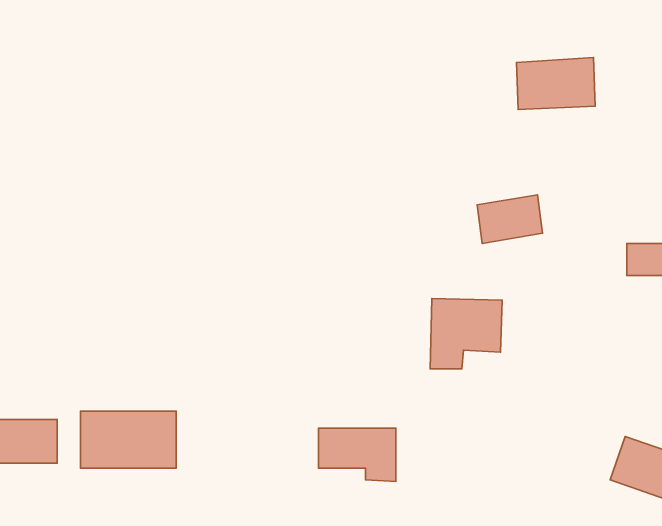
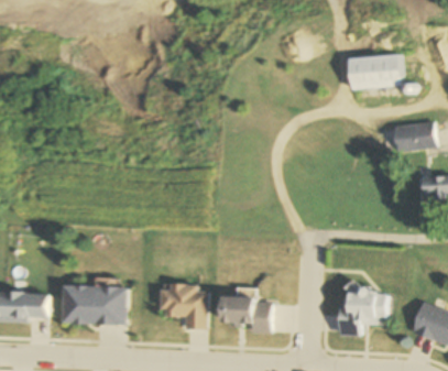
building: [477,195,543,243] -> [393,120,436,152]
building: [430,298,502,369] -> [339,290,386,336]
building: none -> [160,284,207,329]

